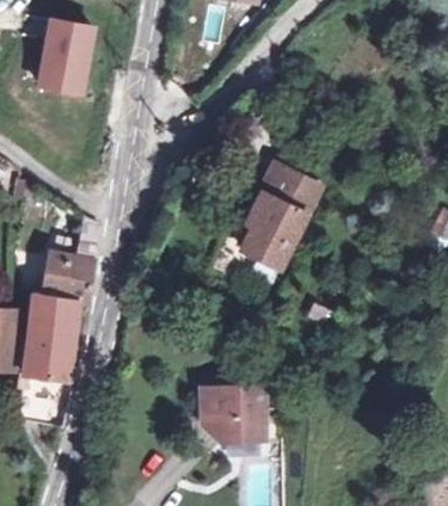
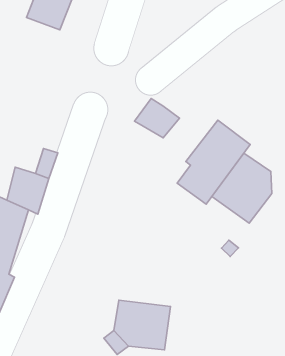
building: none -> [135,98,180,138]
building: none -> [212,153,272,223]

